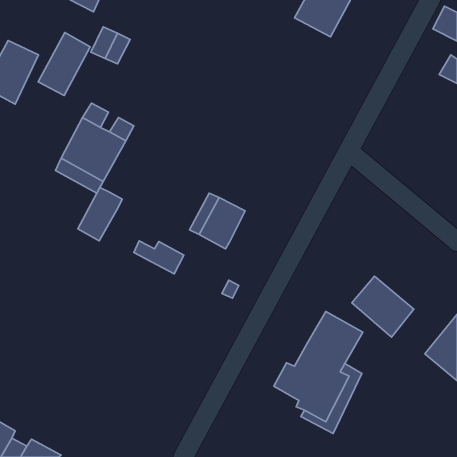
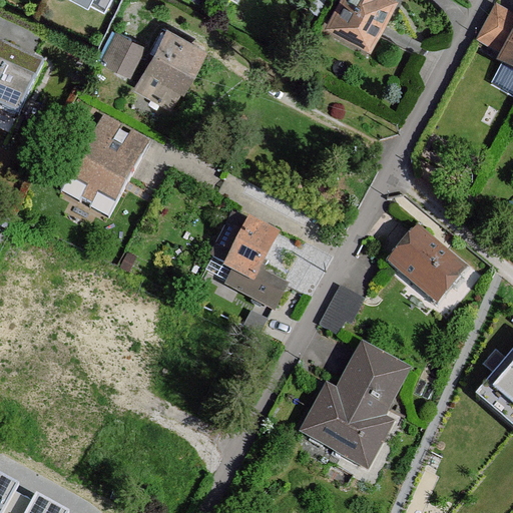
building: [38,33,90,95] -> [138,30,196,100]
building: [78,188,122,241] -> none
building: [134,241,184,274] -> [228,269,285,306]
building: none -> [319,287,363,334]
building: [352,276,414,337] -> [393,231,462,300]

